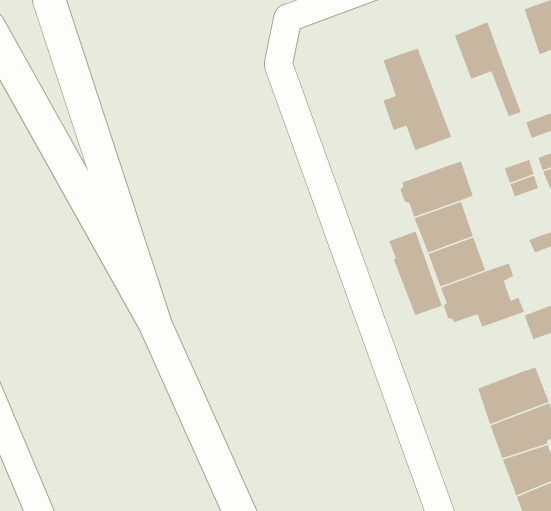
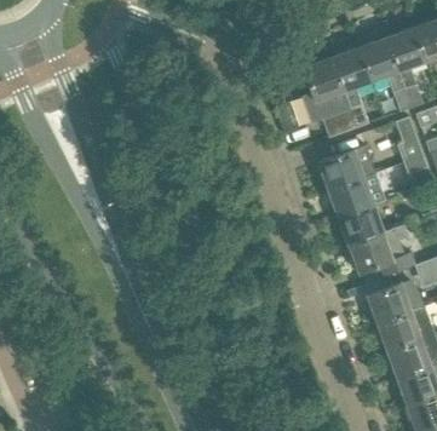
building: none -> [386,27,426,108]
building: none -> [332,47,373,127]
building: [388,230,443,316] -> none
building: none -> [366,282,413,323]

